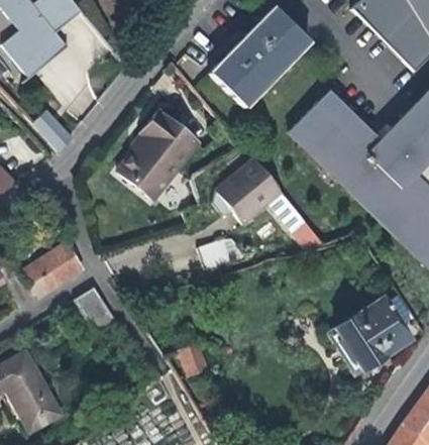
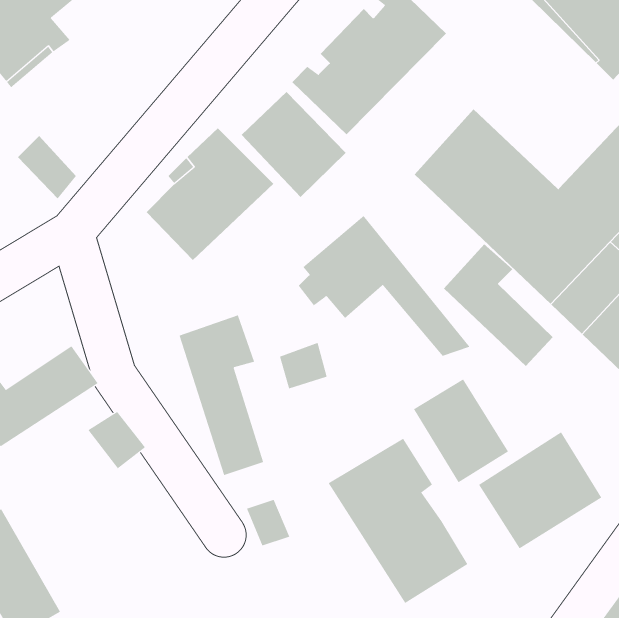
building: none -> [241,91,346,198]
building: none -> [443,243,554,367]
building: none -> [179,314,264,476]
building: none -> [413,379,509,483]
building: none -> [328,438,468,604]

